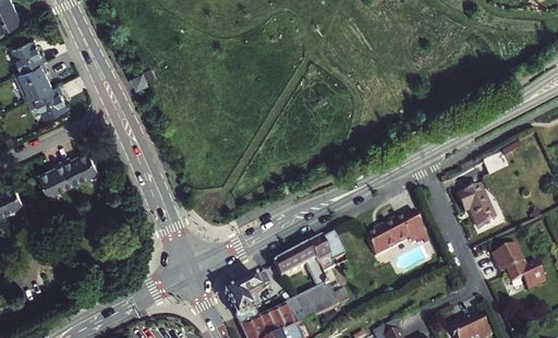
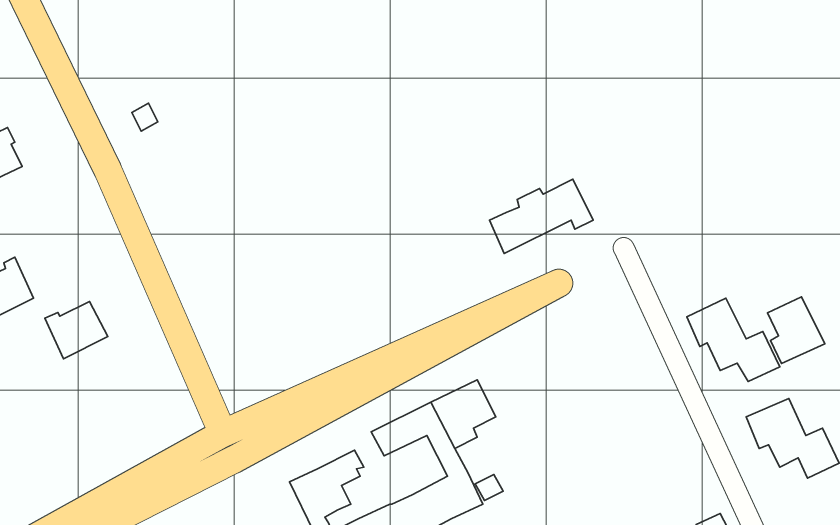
building: [63,152,100,185] -> [45,301,108,359]
building: none -> [768,297,825,364]
building: [364,214,425,257] -> [489,179,593,253]

